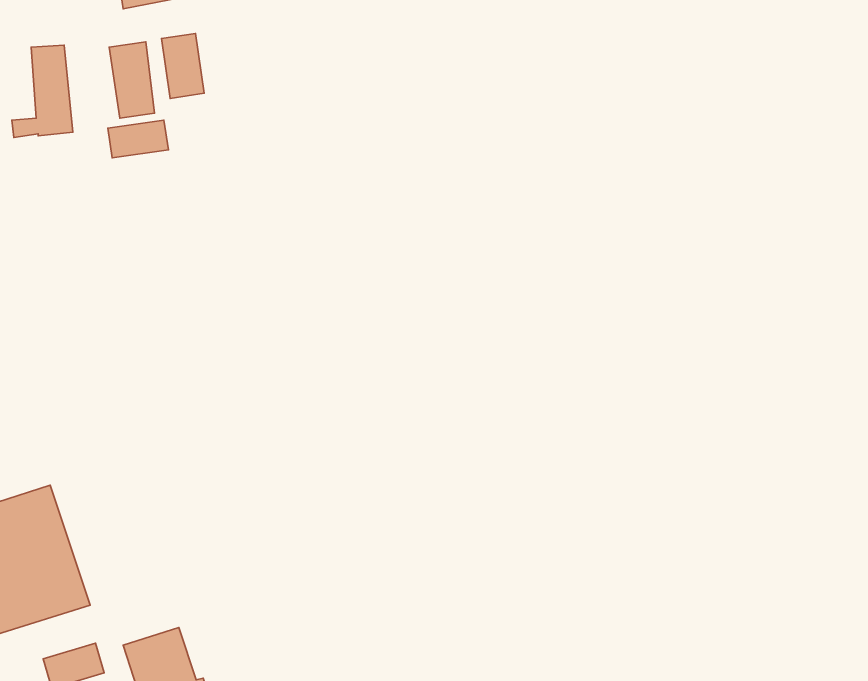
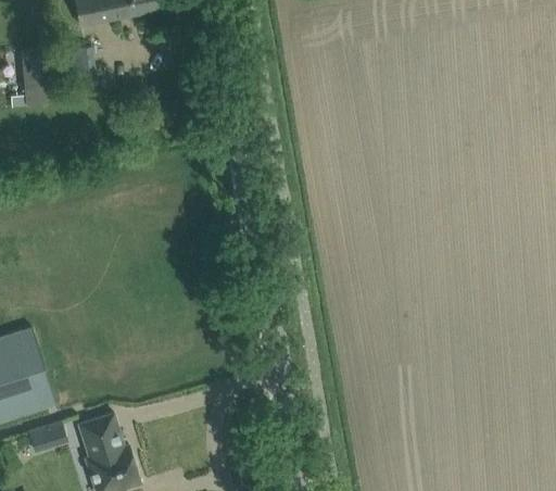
building: [162,33,204,98] -> none
building: [108,120,168,158] -> none

